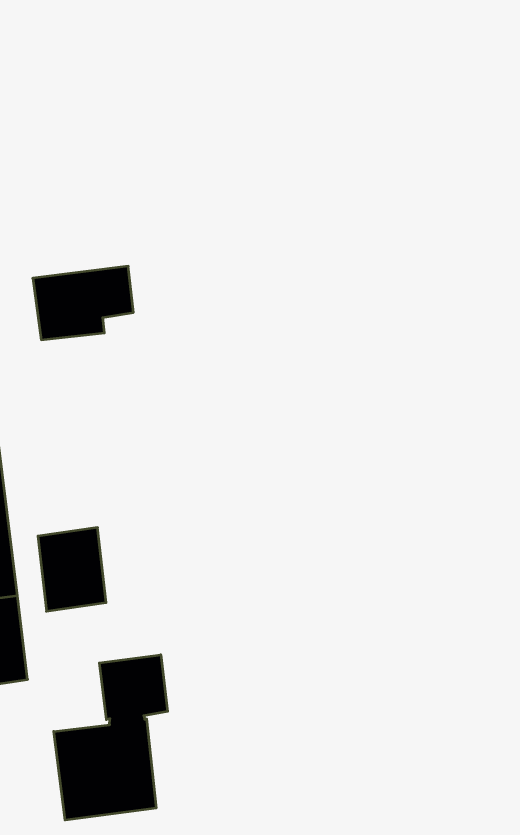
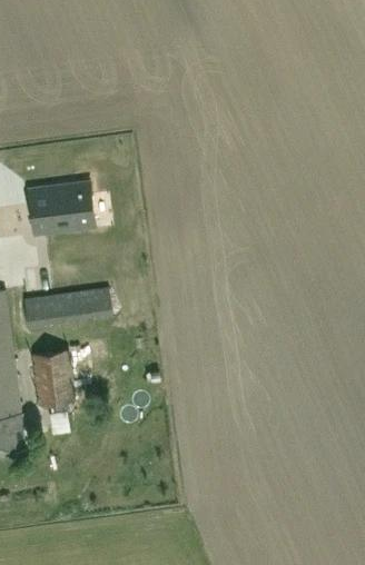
building: none -> [24,289,114,329]
building: [54,655,168,820] -> none

